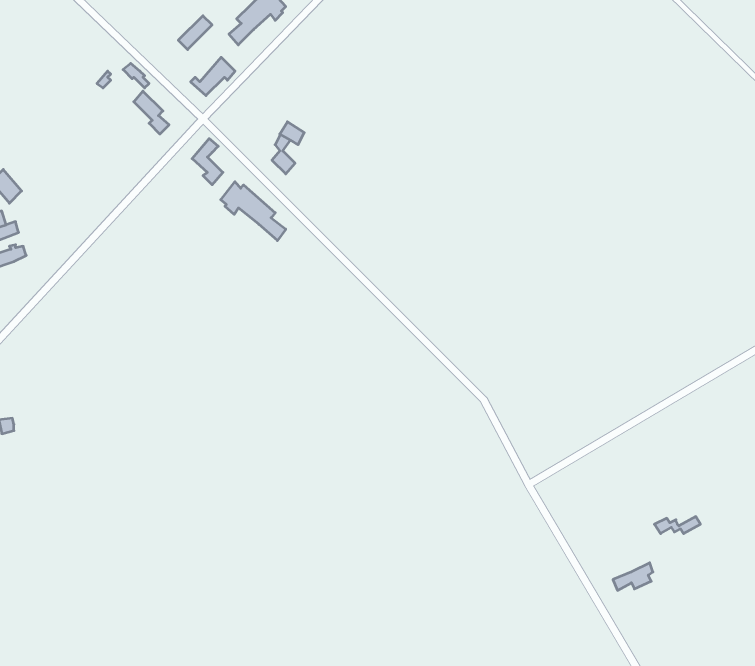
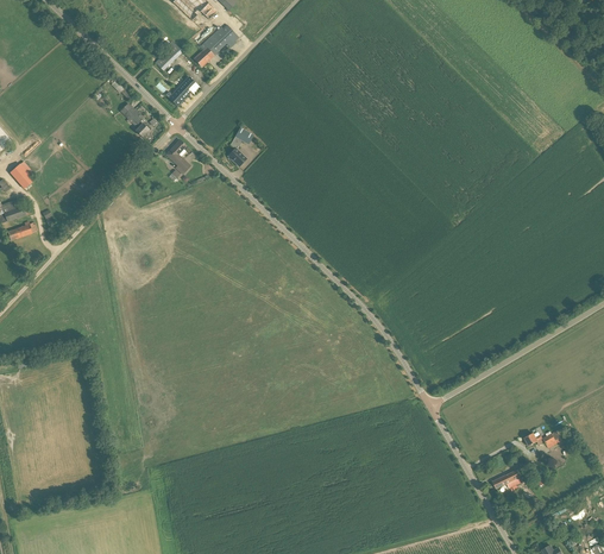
building: [221,182,286,241] -> none

